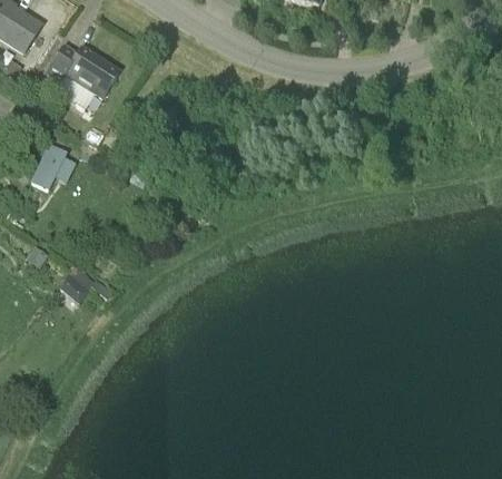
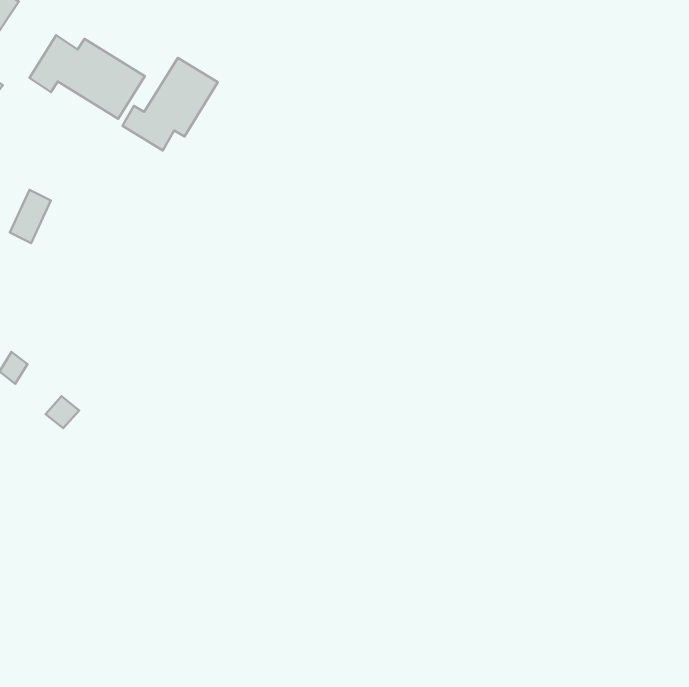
building: none -> [123,58,218,150]

